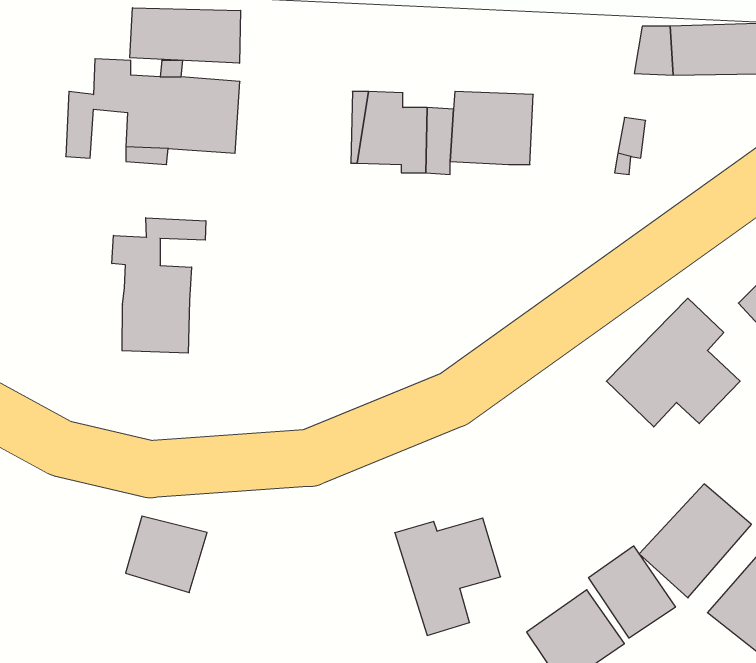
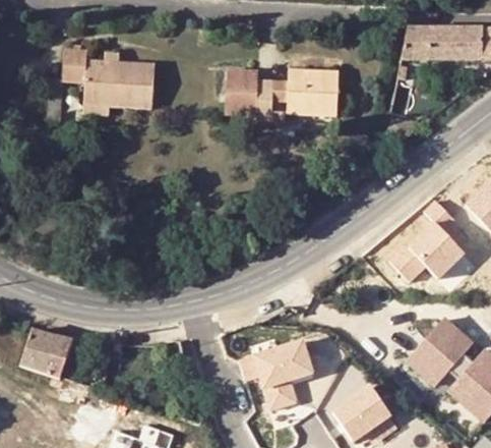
building: [130,8,241,63] -> none
building: [112,218,206,353] -> none
building: [126,516,207,593] -> [21,331,72,379]
building: [589,546,675,638] -> none

